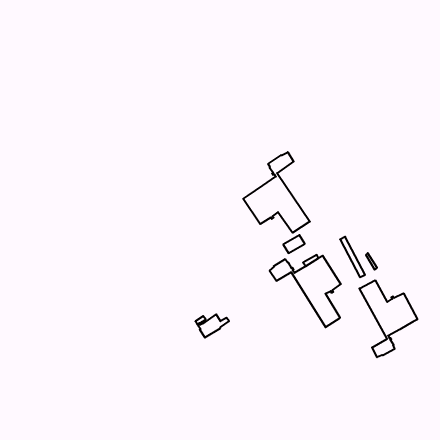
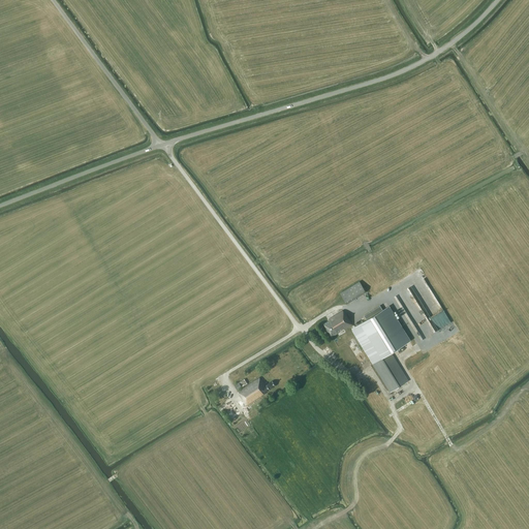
building: [243,152,310,233] -> none
building: [359,280,417,357] -> none

